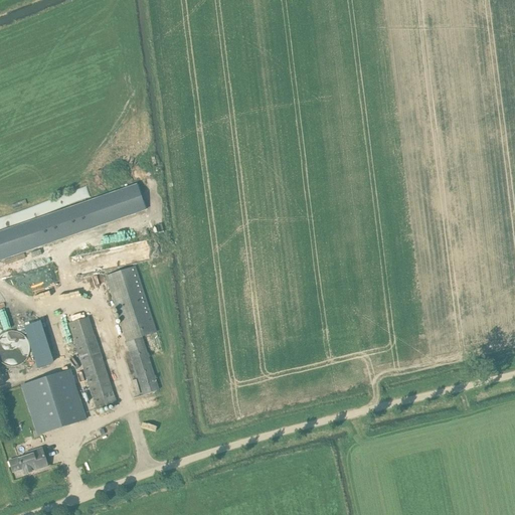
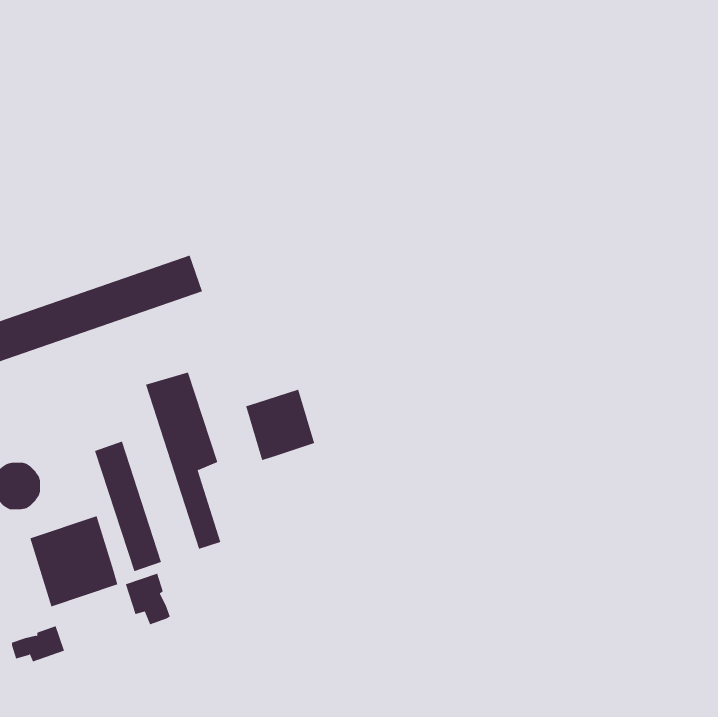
building: none -> [245,389,315,461]
building: [25,318,56,366] -> none
building: none -> [125,573,170,625]

